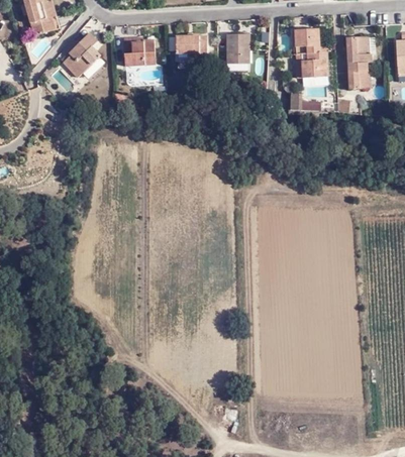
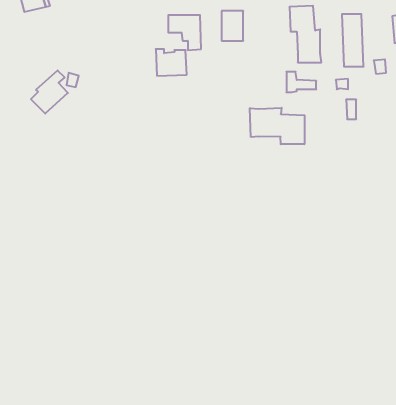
building: [62,36,98,79] -> [31,70,68,114]
building: [124,39,155,66] -> [156,49,187,76]
building: none -> [250,108,305,144]

